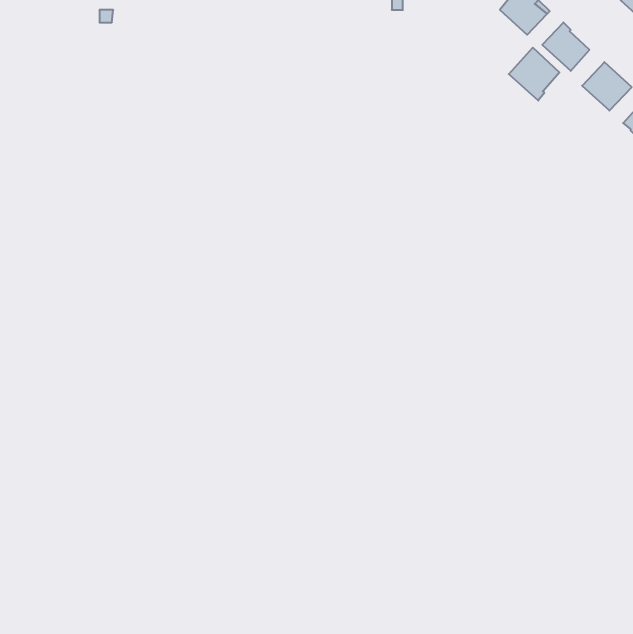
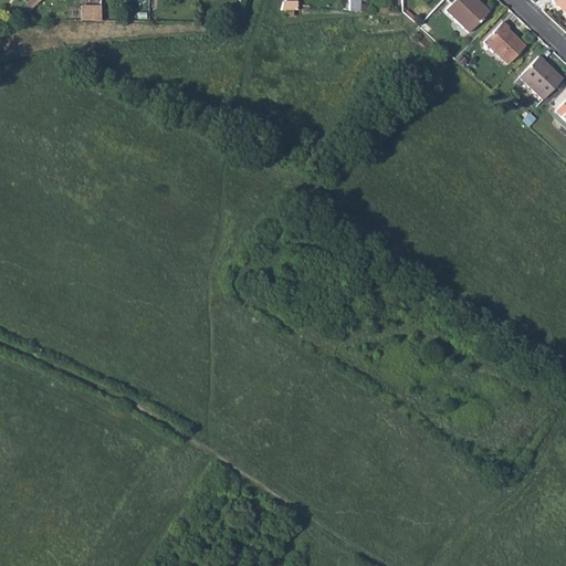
building: [509,48,559,101] -> none

